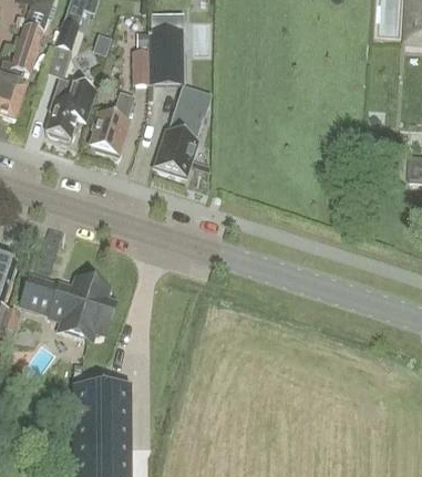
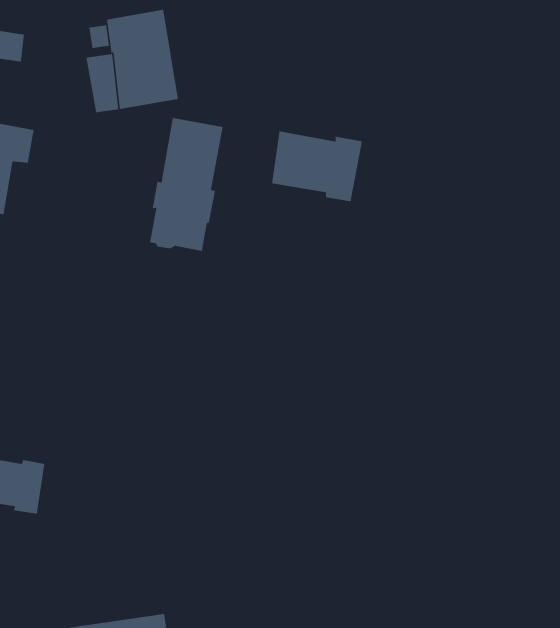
building: [89,89,133,151] -> none
building: none -> [271,131,363,202]
building: [60,279,110,334] -> none

